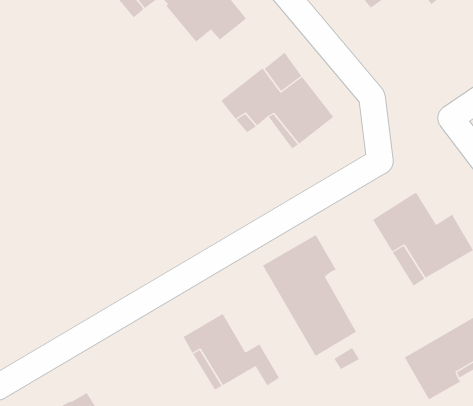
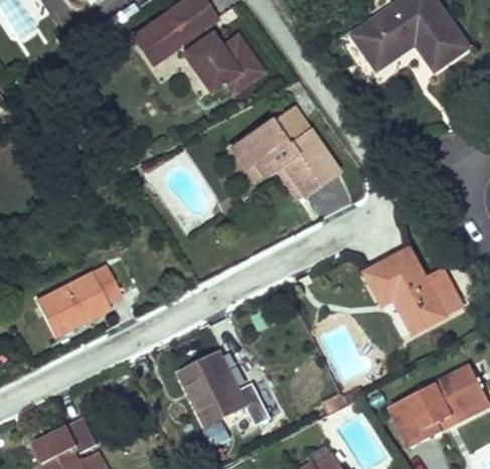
building: none -> [308,176,350,216]
building: none -> [35,266,121,334]
building: [262,234,357,357] -> none

